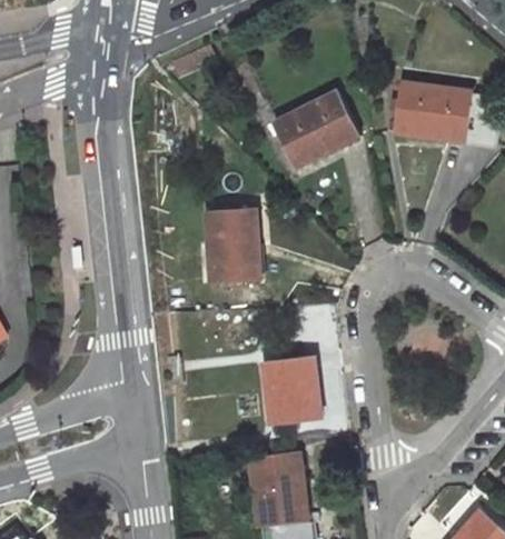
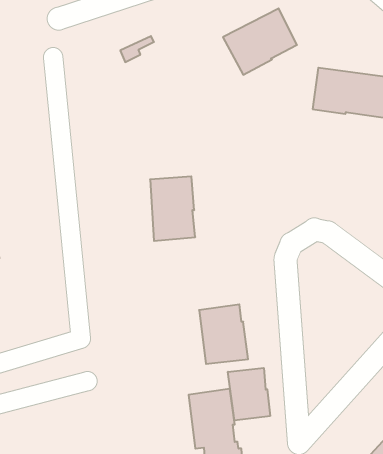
building: [271,91,357,168] -> [223,8,297,75]
building: none -> [228,368,270,421]

